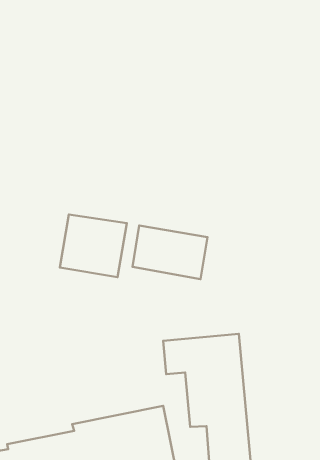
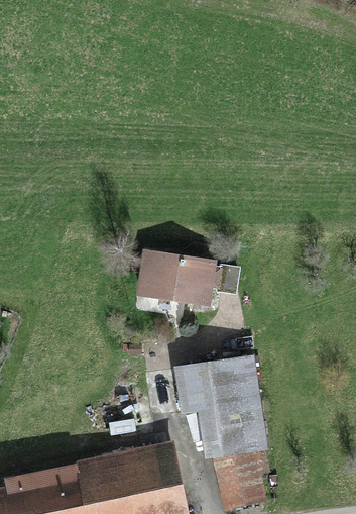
building: [60,215,127,277] -> none

